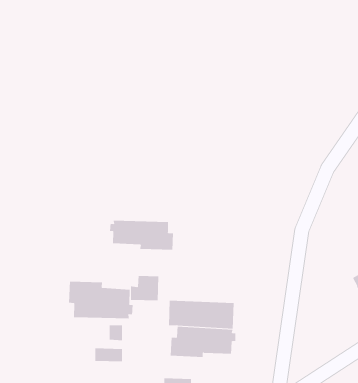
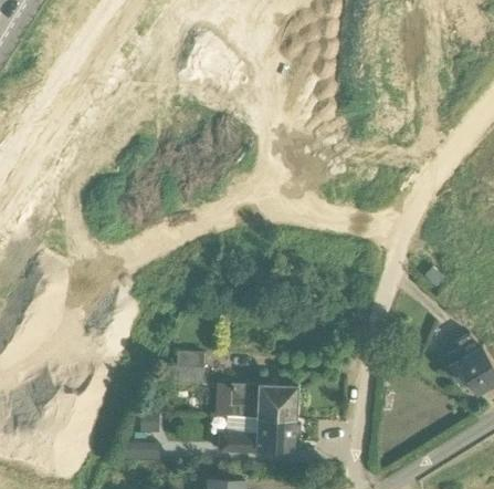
building: [109,220,174,251] -> none
building: [69,281,133,319] -> none

